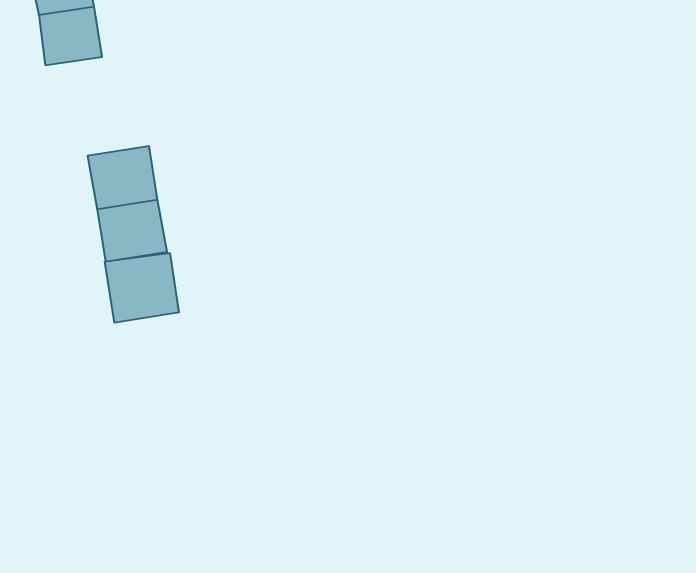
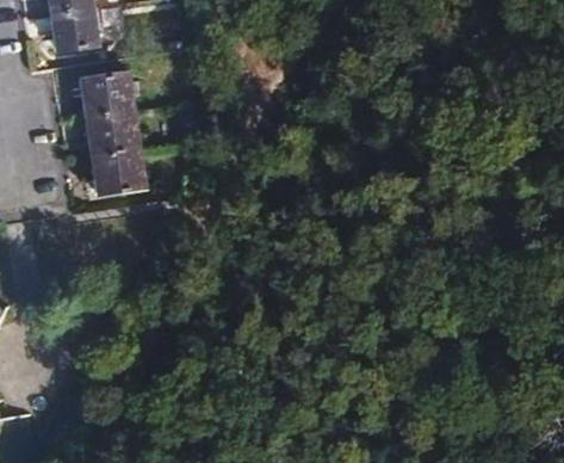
building: none -> [80,70,131,118]
building: [105,253,179,323] -> none

